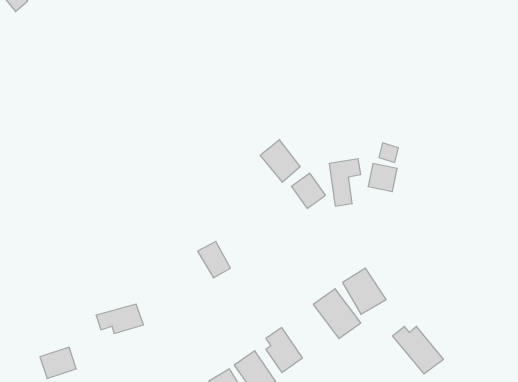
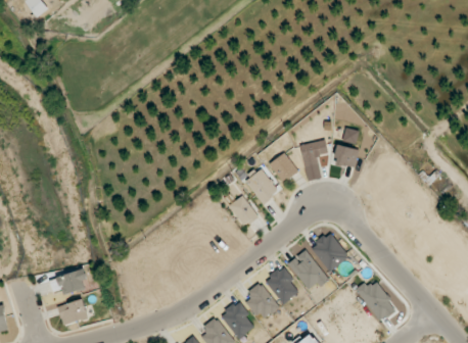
building: [260,140,300,182] -> [244,168,278,204]
building: [198,241,230,278] -> [229,196,256,227]
building: [96,304,143,333] -> [48,271,88,295]
building: none -> [265,266,298,304]

